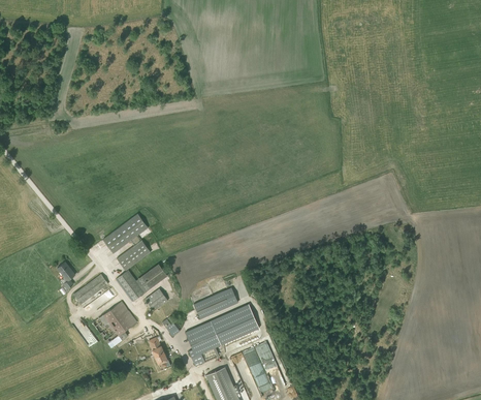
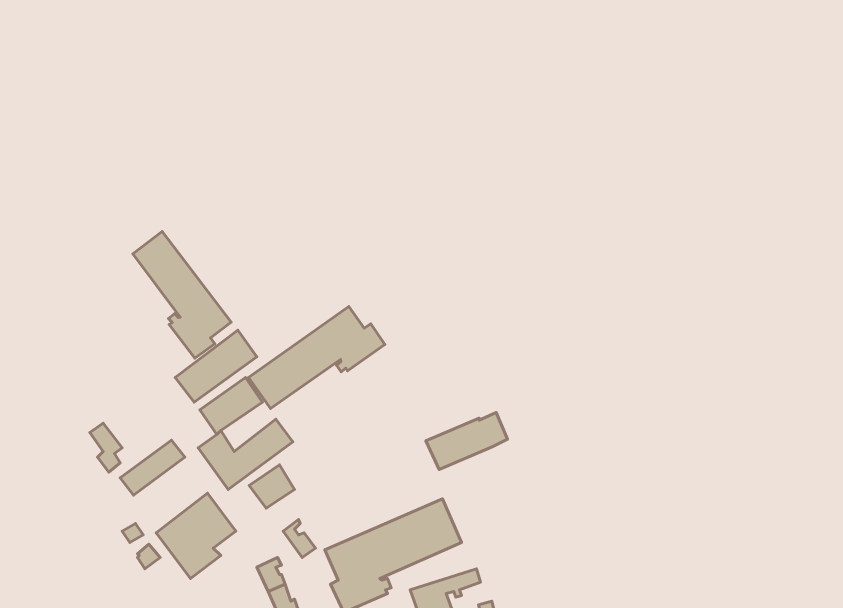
building: none -> [133,231,231,358]
building: none -> [249,307,385,408]
building: [193,287,237,318] -> [426,413,507,469]

